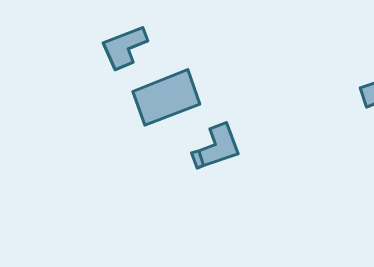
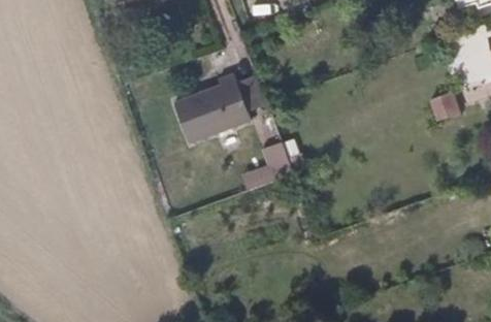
building: [103,28,148,70] -> none

